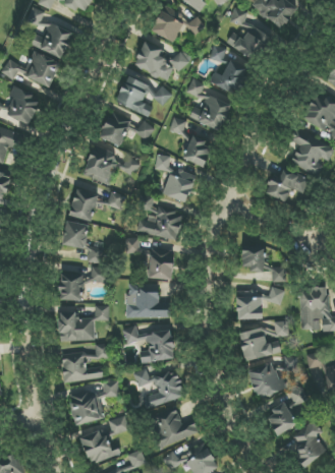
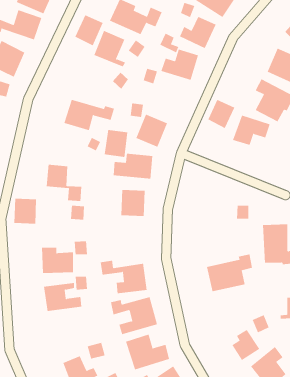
building: [99,112,130,146] -> [74,15,103,46]
building: [183,135,214,168] -> [207,99,235,129]
building: [70,189,97,220] -> [104,129,128,157]
building: [241,245,265,272] -> none
building: [58,273,83,301] -> [14,198,37,224]
building: [126,283,170,317] -> none
building: [236,287,284,319] -> none
building: [247,355,298,398] -> none
building: [71,381,118,422] -> none

